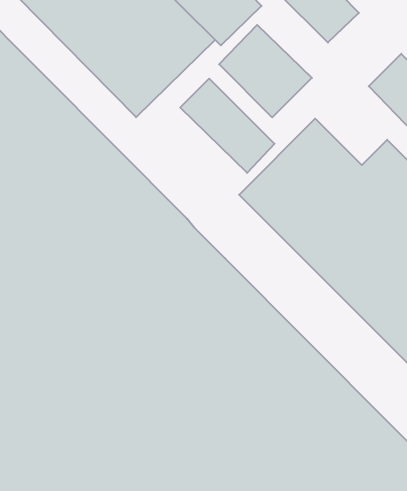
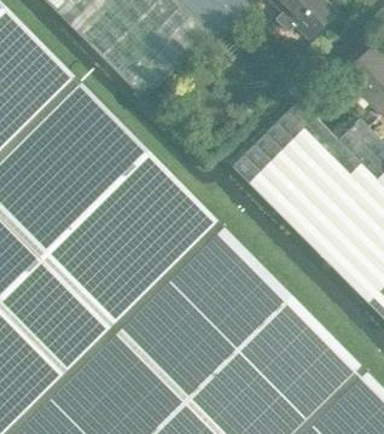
building: [219,25,312,117] -> none
building: [180,79,275,173] -> none

